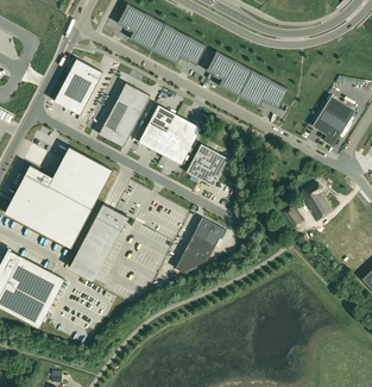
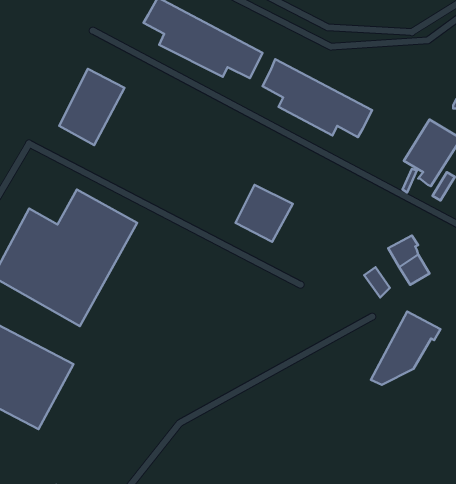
building: [99,82,150,146] -> none
building: [138,105,200,164] -> none
building: [68,204,126,280] -> none
building: [174,217,226,271] -> [371,312,441,385]

